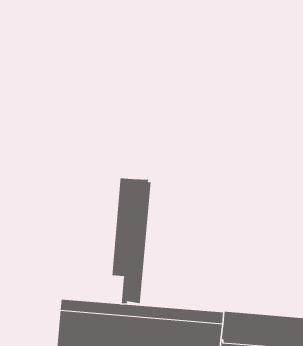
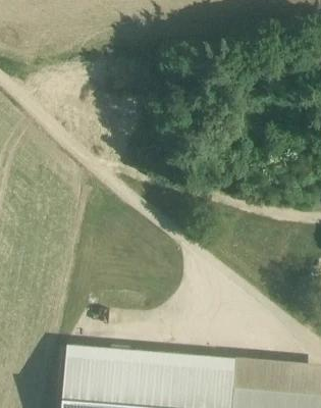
building: [112,177,151,304] -> none

